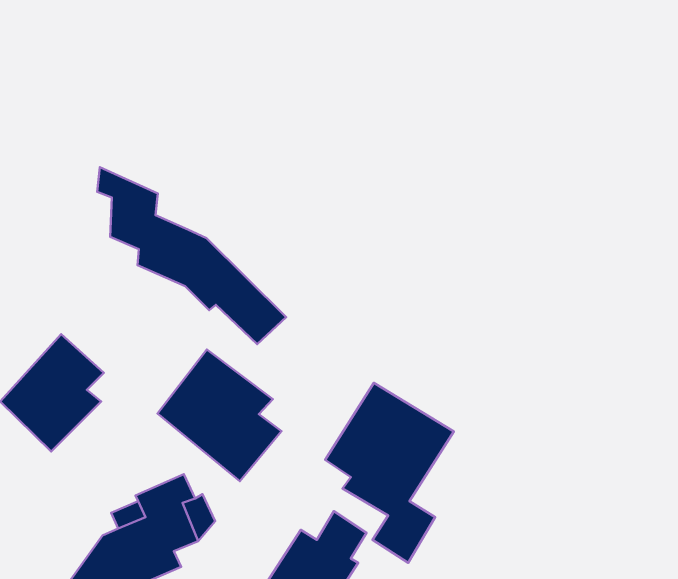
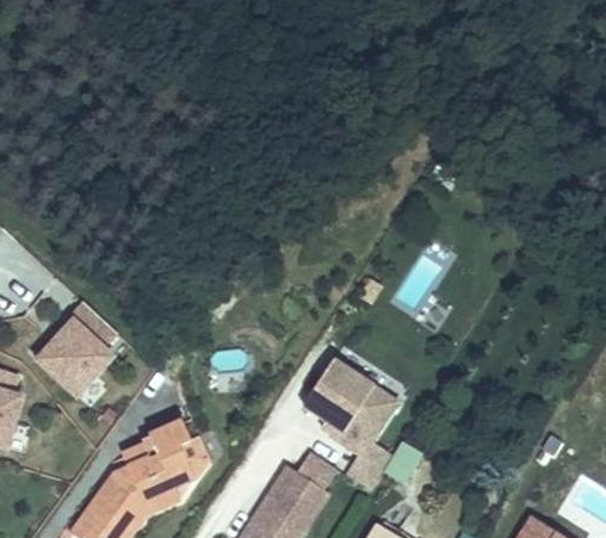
building: [97,167,286,344] -> none
building: [158,349,281,481] -> none

